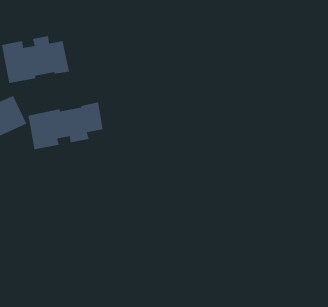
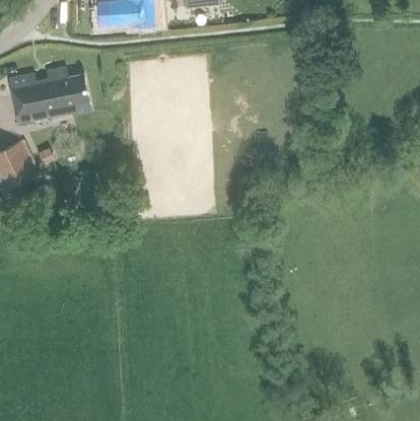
building: [28,101,103,150] -> none

